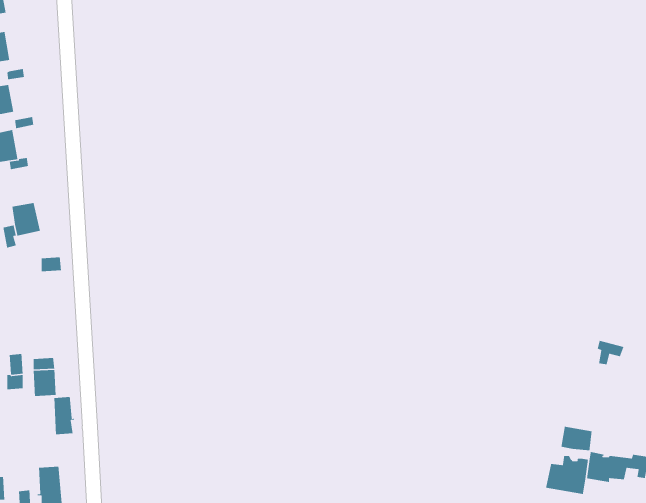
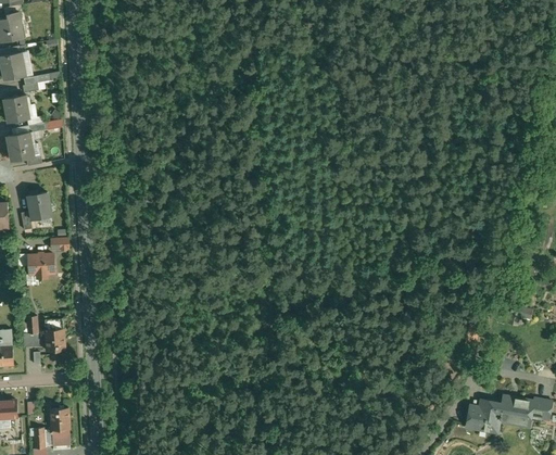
building: none -> [27,254,53,278]
building: [53,396,75,435] -> none
building: [560,426,593,451] -> none

